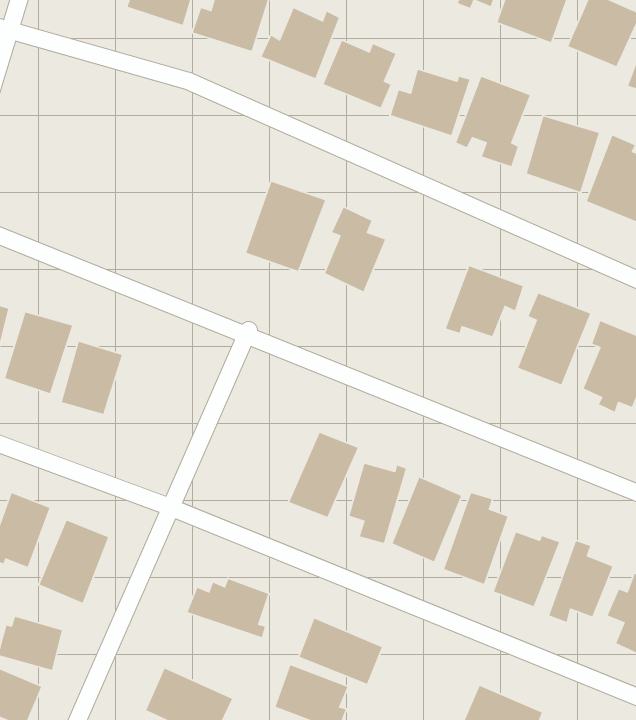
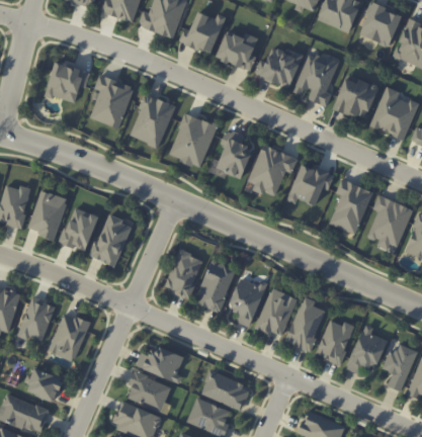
building: none -> [46,62,90,103]
building: none -> [90,75,134,127]
building: none -> [130,94,176,148]
building: none -> [248,145,298,196]
building: none -> [92,215,132,266]
building: none -> [165,250,203,297]
building: none -> [128,371,172,412]

